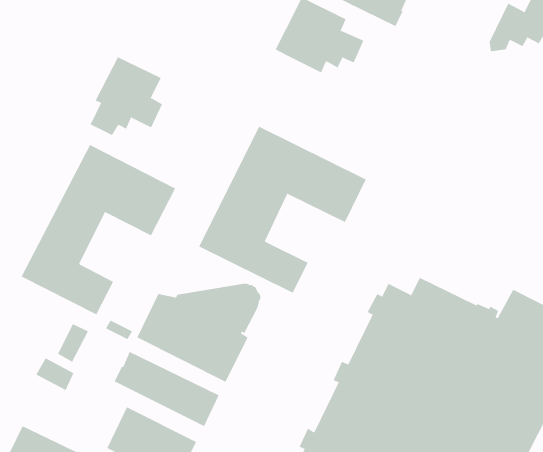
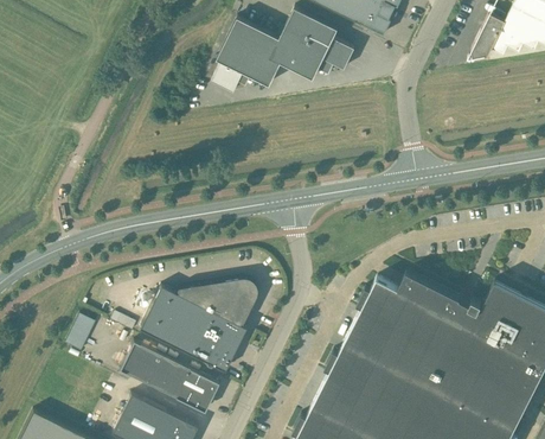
building: [90,56,163,136] -> [213,18,282,93]
building: [198,126,367,293] -> none
building: [21,144,176,315] -> none
building: [35,357,74,391] -> none

